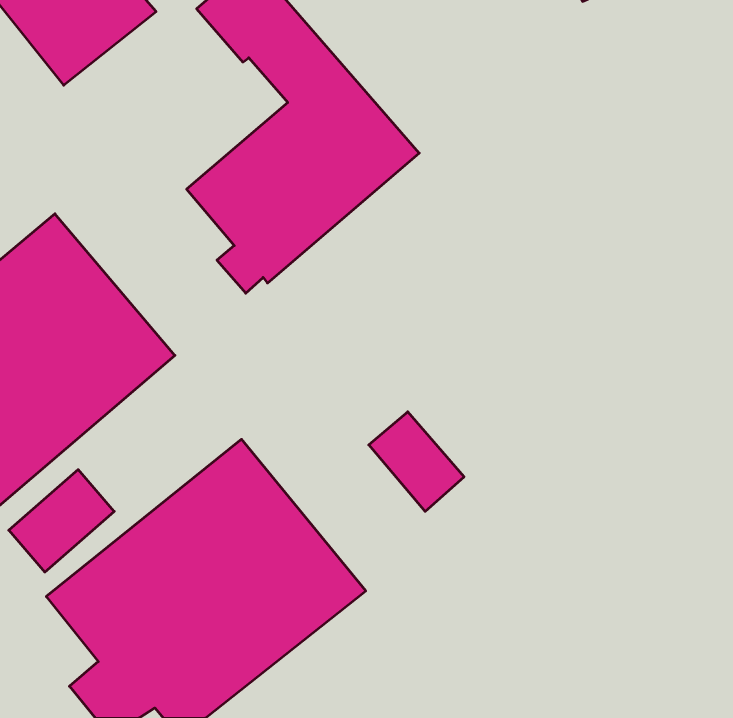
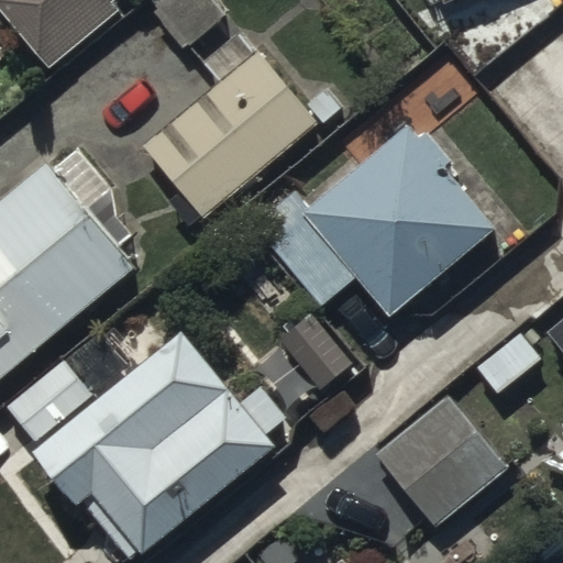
building: none -> [252,119,494,316]
building: none -> [375,390,507,523]

